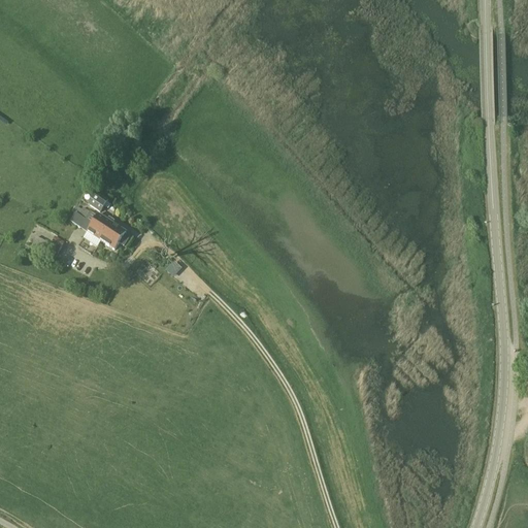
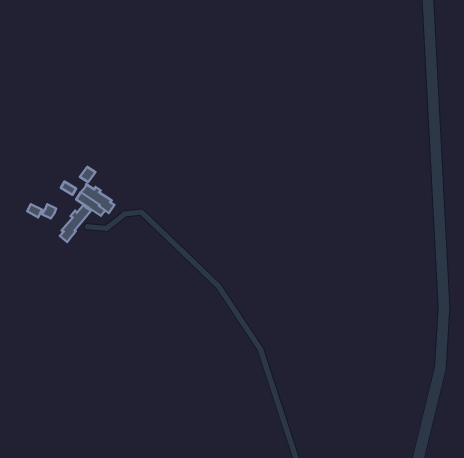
building: none -> [60,204,91,242]

